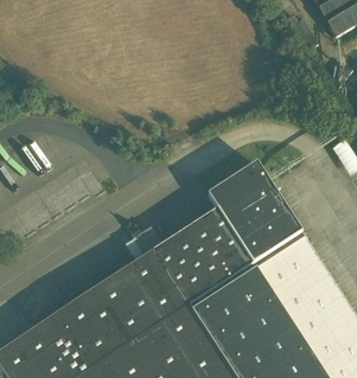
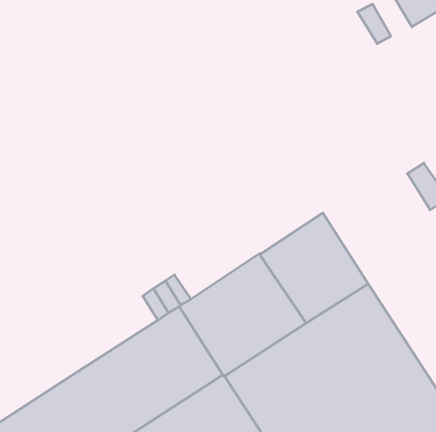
building: [208,165,266,211] -> none

